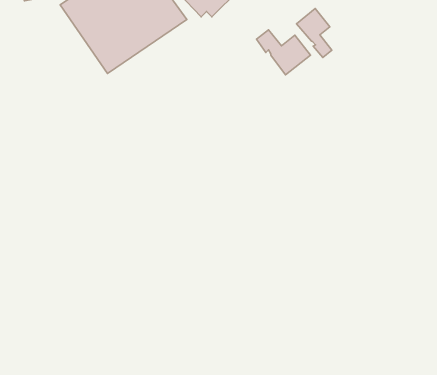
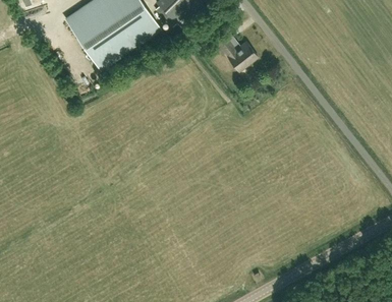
building: [296,8,332,57] -> none

